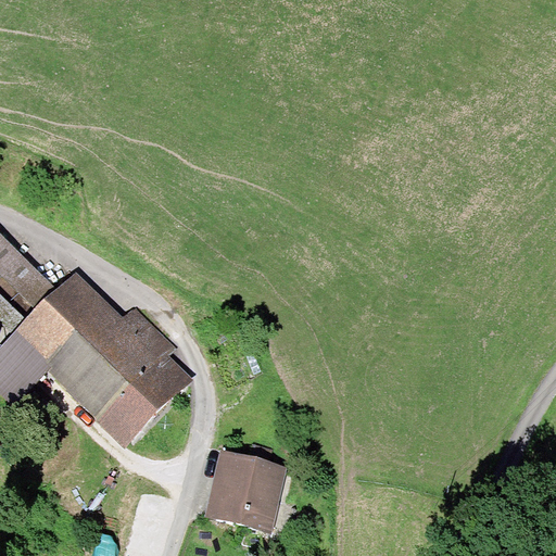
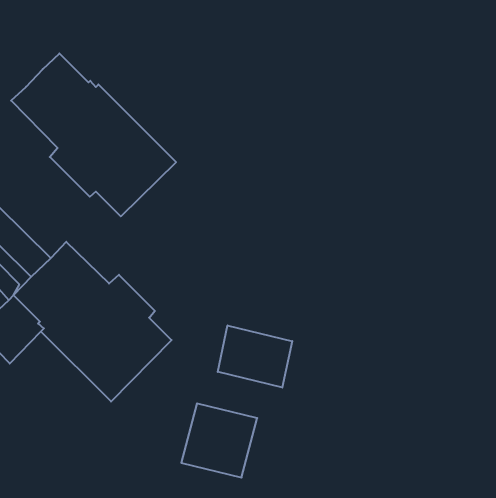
building: none -> [11,53,176,216]
building: none -> [218,325,292,388]

